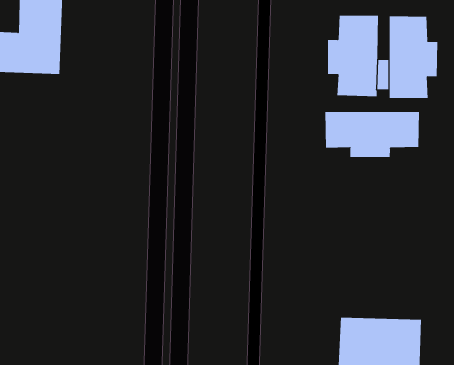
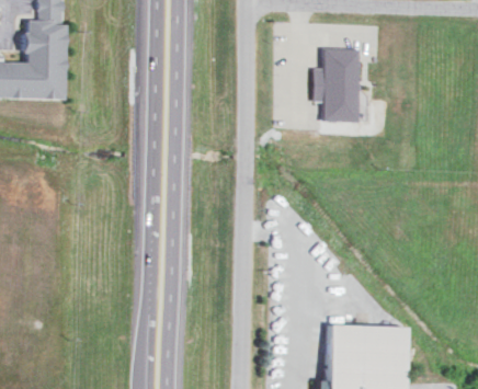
building: [389,15,438,99] -> none
building: [325,111,419,158] -> none

